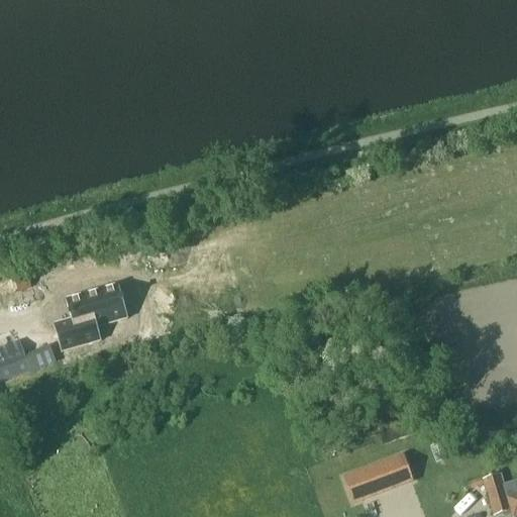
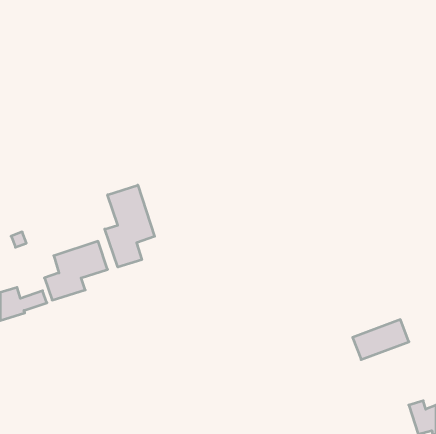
building: none -> [105,185,155,267]
building: [346,453,413,501] -> [353,320,409,360]

